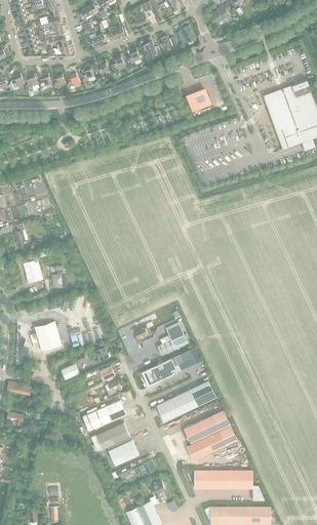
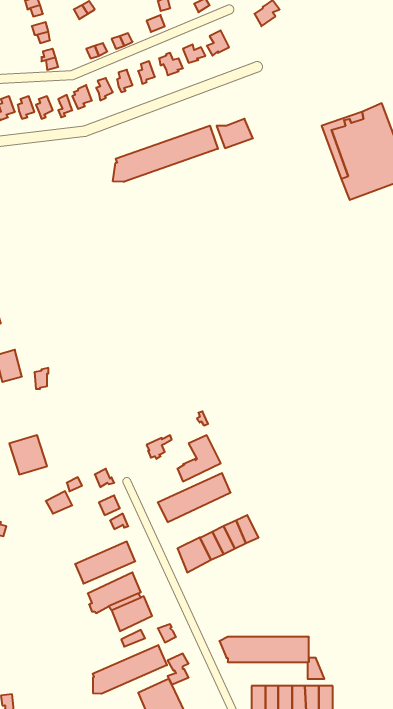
building: none -> [113,126,218,182]
building: [183,409,238,461] -> none
building: none -> [93,645,167,694]

